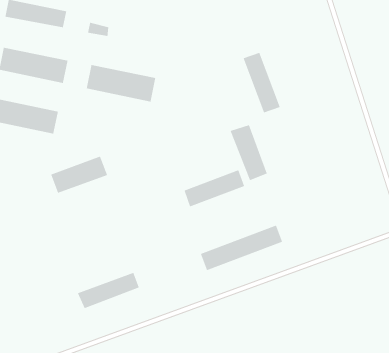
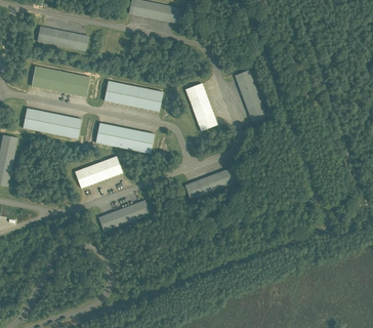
building: none -> [95,122,154,153]
building: [230,124,268,181] -> [184,83,216,130]
building: [200,225,283,271] -> none
building: [77,272,140,309] -> [97,200,150,231]

